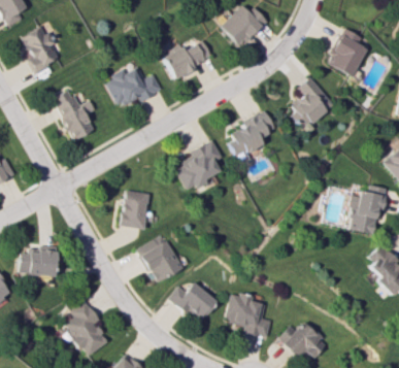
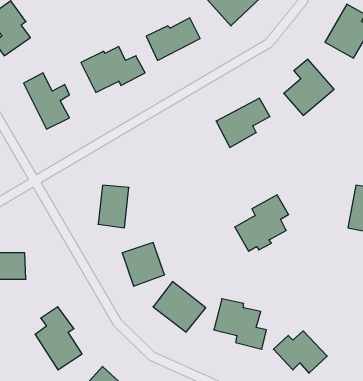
building: [175,139,224,190] -> [235,195,289,251]

